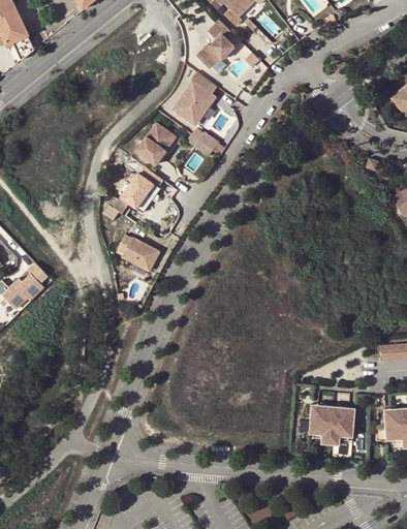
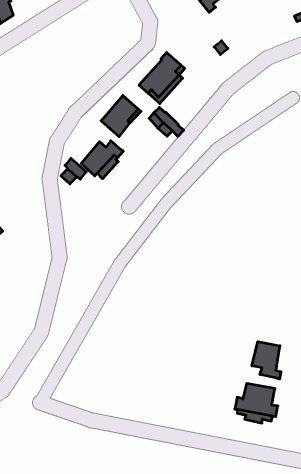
building: [195,20,234,68] -> none
building: [117,234,159,270] -> none
building: none -> [252,342,281,379]

